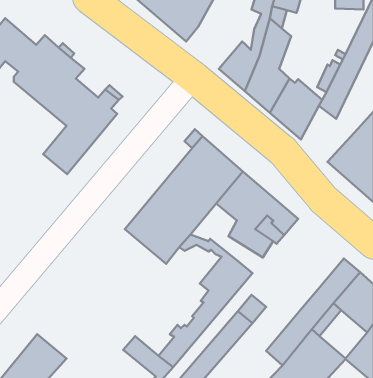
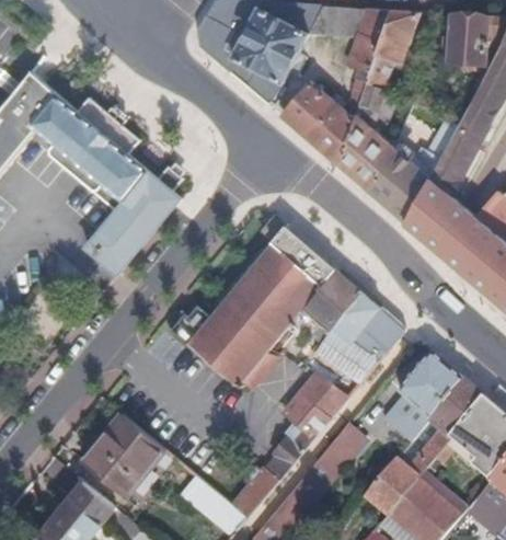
building: none -> [279,83,342,139]
building: none -> [410,186,478,257]
building: none -> [384,354,464,443]
building: none -> [81,415,162,498]

